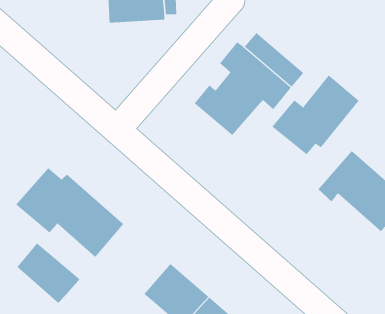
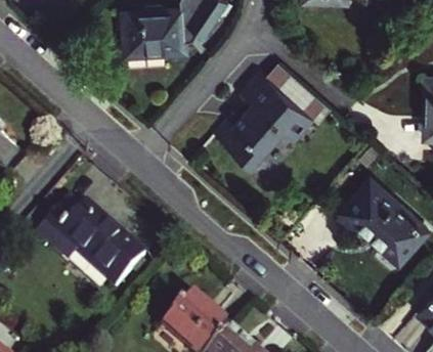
building: [272,74,360,155] -> none
building: [16,242,80,304] -> none

